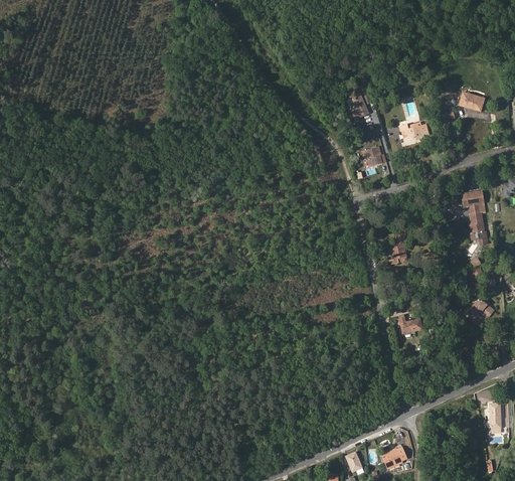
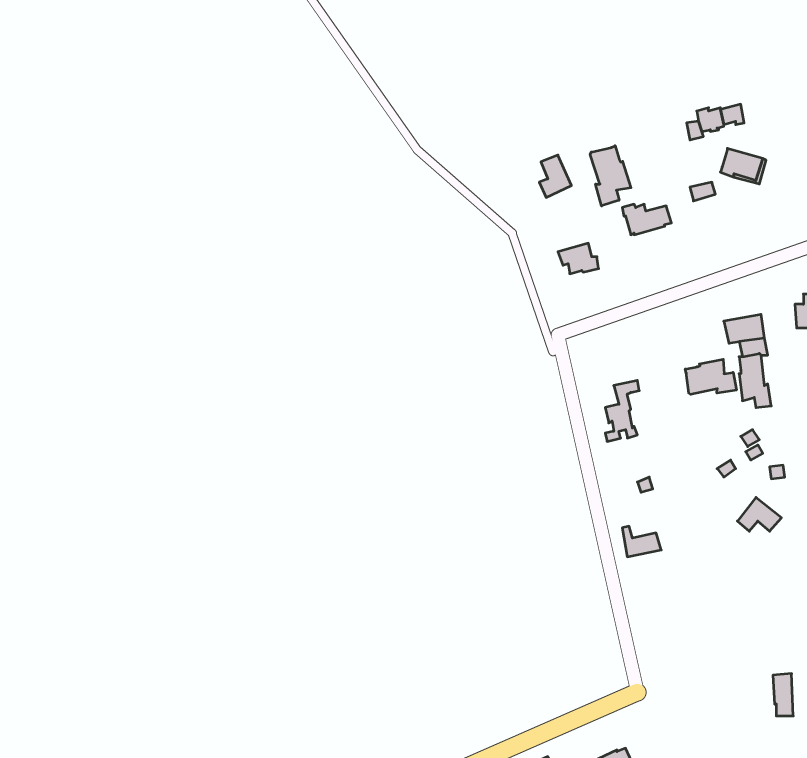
building: none -> [590,146,631,206]
building: none -> [685,359,736,394]

